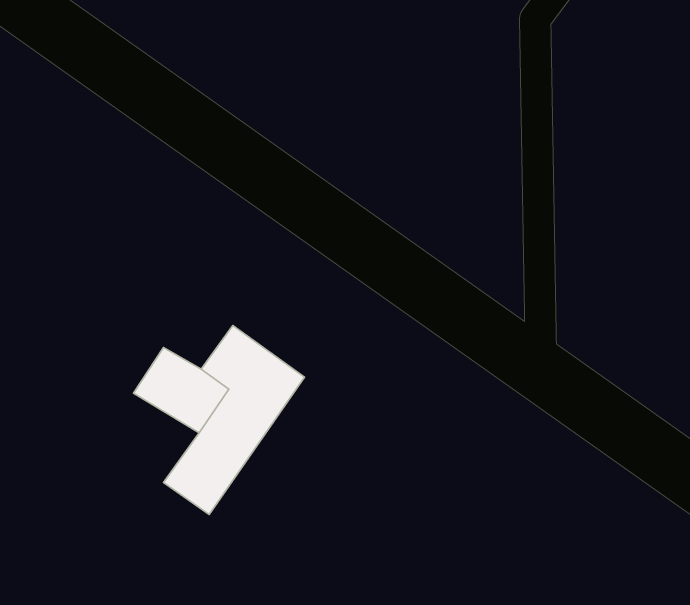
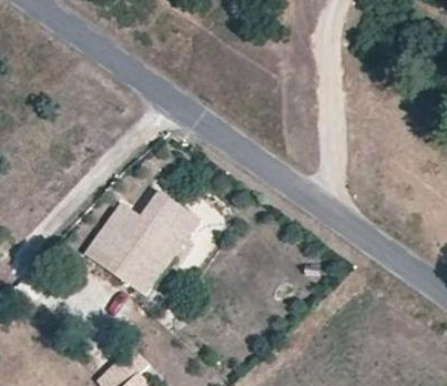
building: none -> [85,227,140,277]

